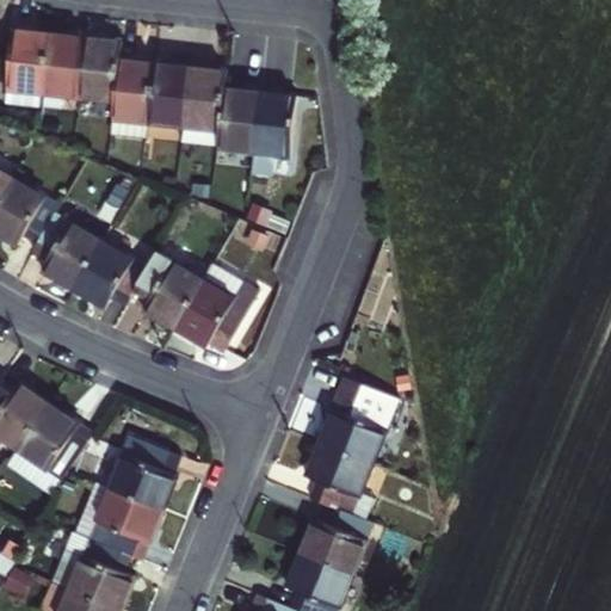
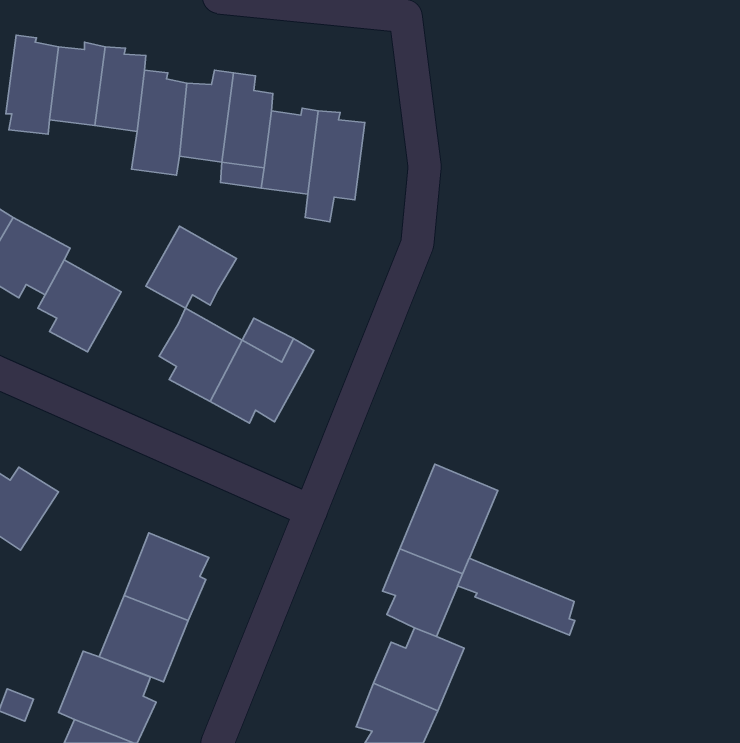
building: [72,239,146,306] -> [146,226,236,308]
building: [7,402,91,493] -> none
building: none -> [458,558,575,635]

